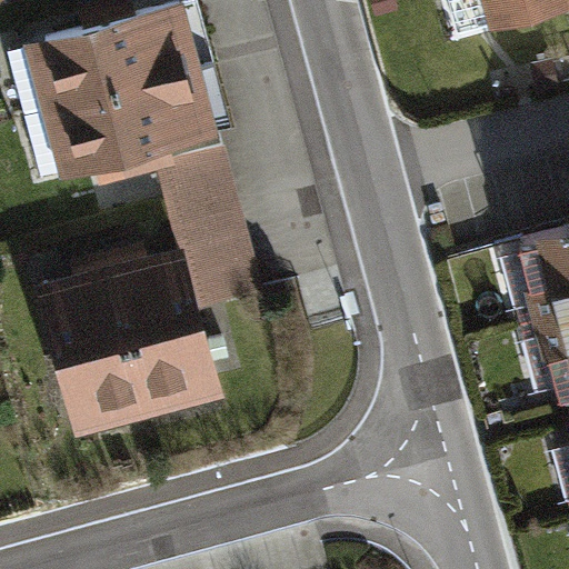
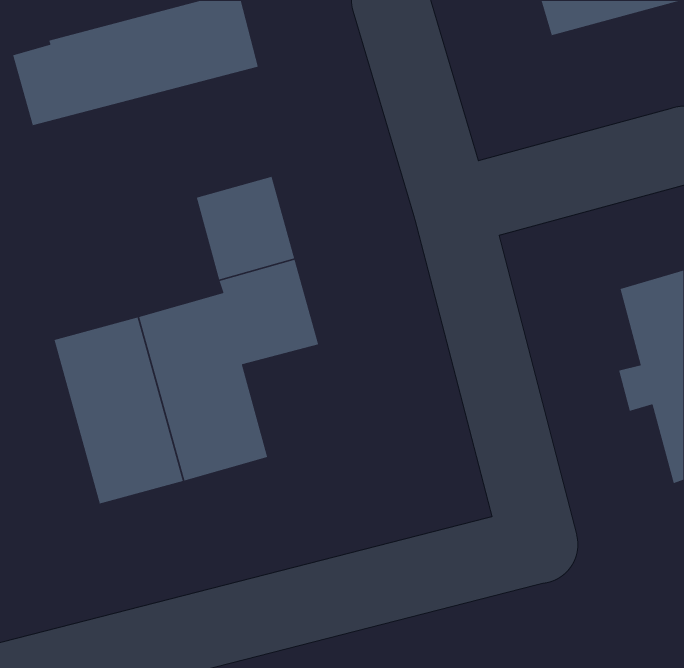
building: [27,70,232,180] -> none

